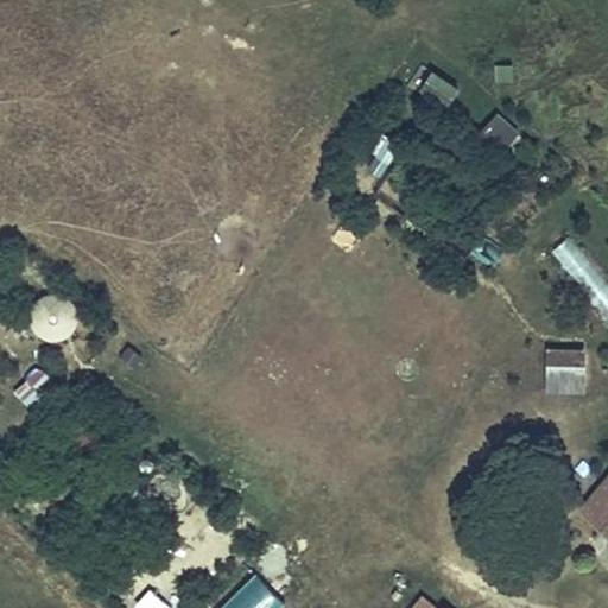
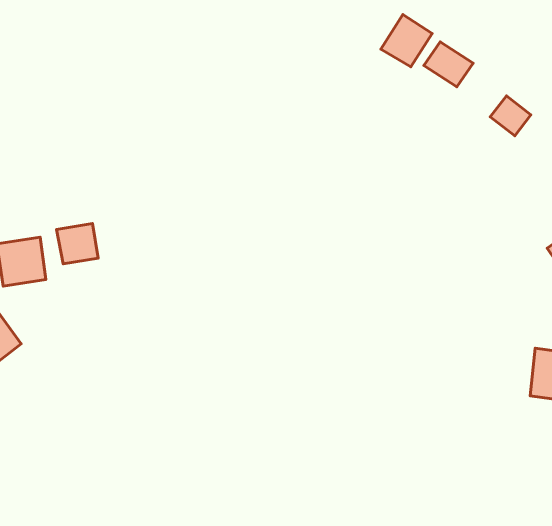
building: none -> [381,14,432,67]
building: none -> [57,223,98,264]

